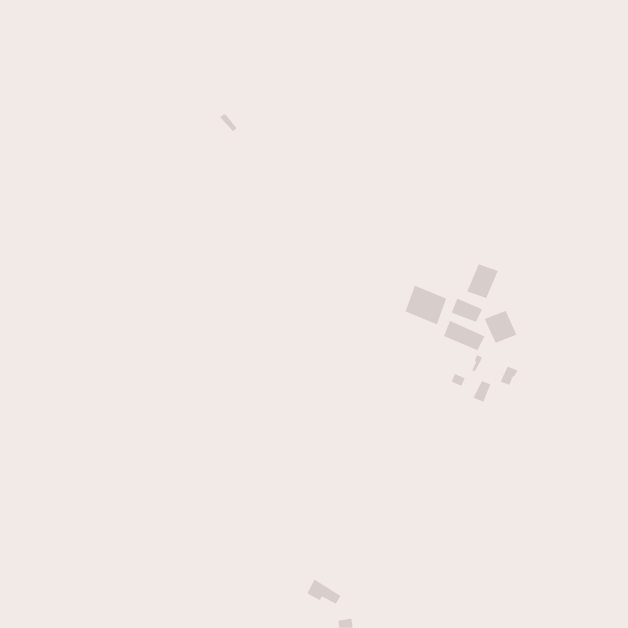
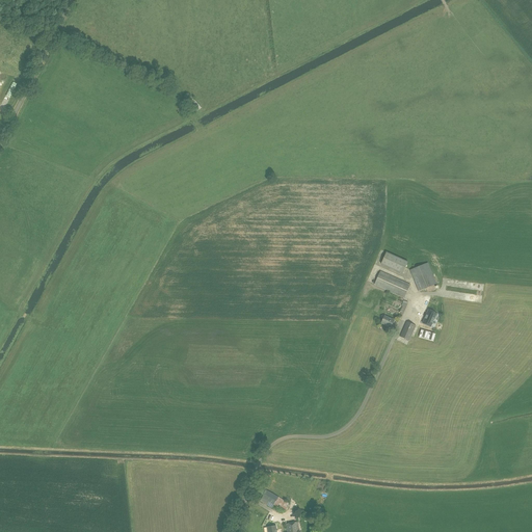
building: [467,264,498,299] -> none
building: [405,285,447,325] -> none

